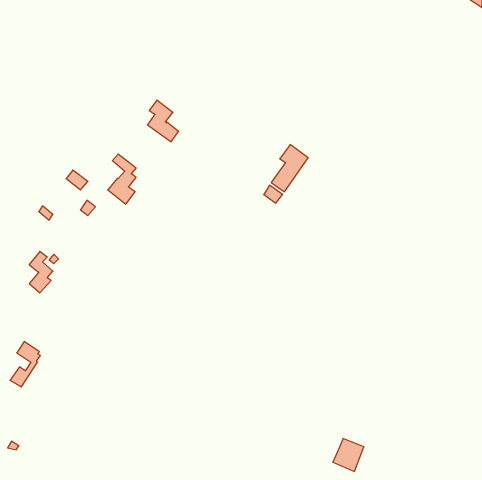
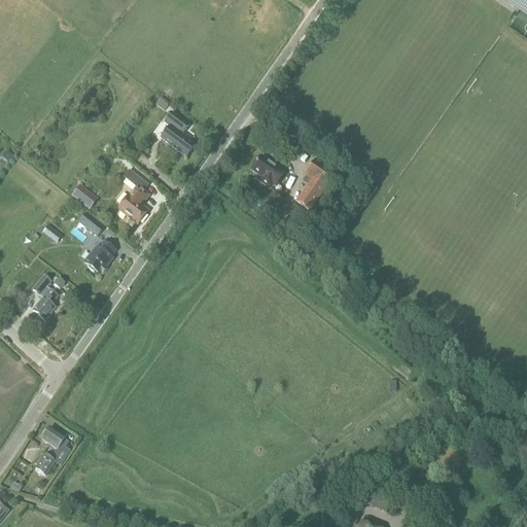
building: none -> [251,154,284,186]
building: none -> [83,239,115,273]
building: [10,341,40,387] -> [33,425,66,475]

